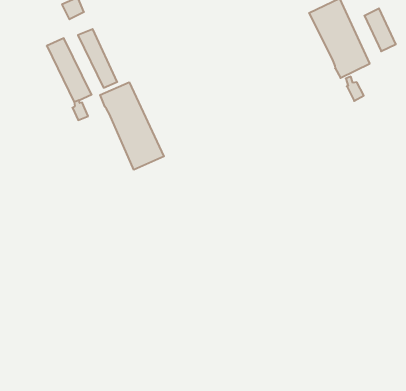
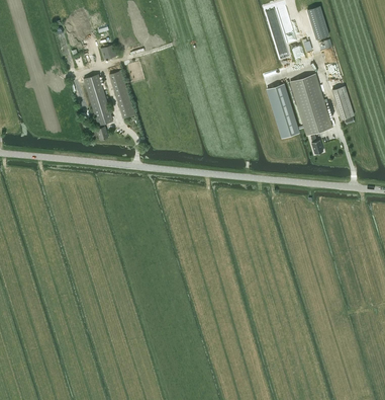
building: none -> [267,84,304,138]
building: [100,82,164,170] -> none

